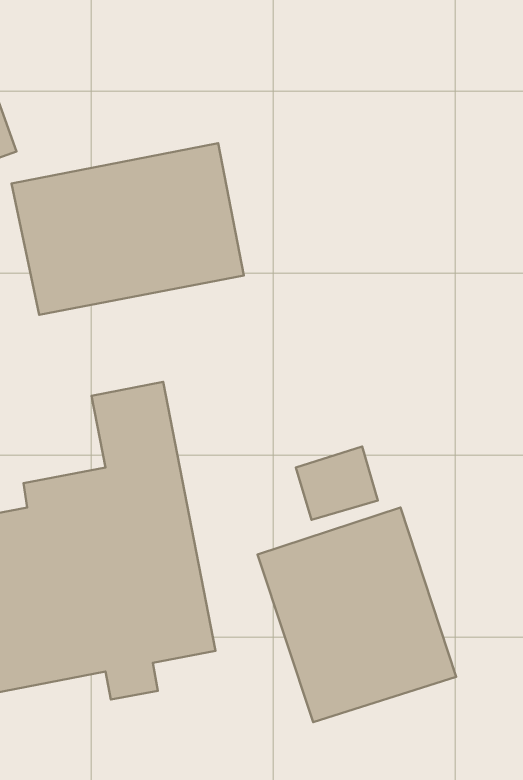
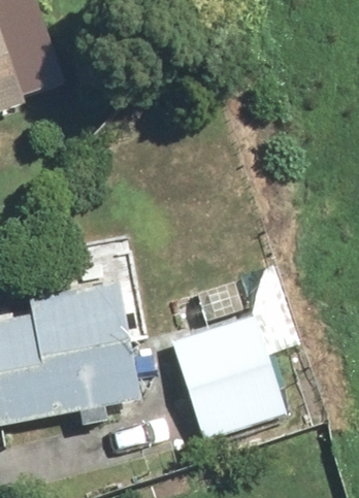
building: [11,143,244,315] -> none

